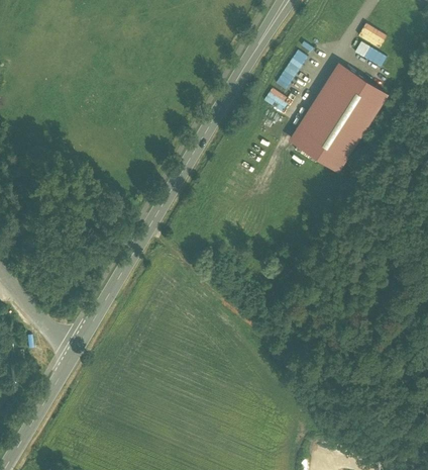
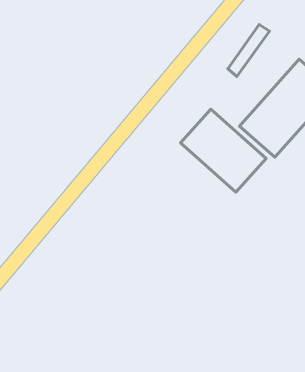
building: none -> [180,109,266,192]

